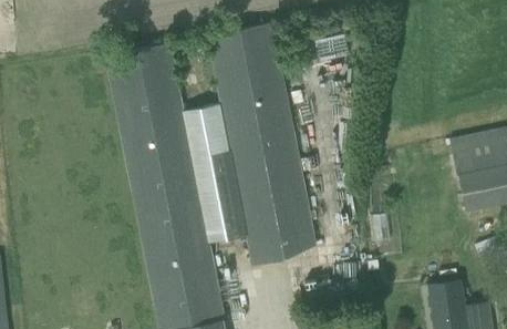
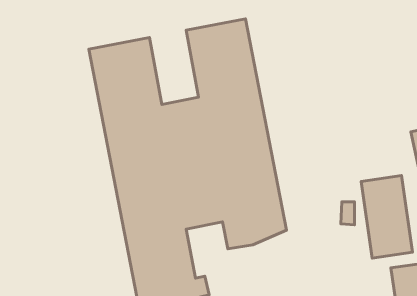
building: none -> [361,175,413,258]

